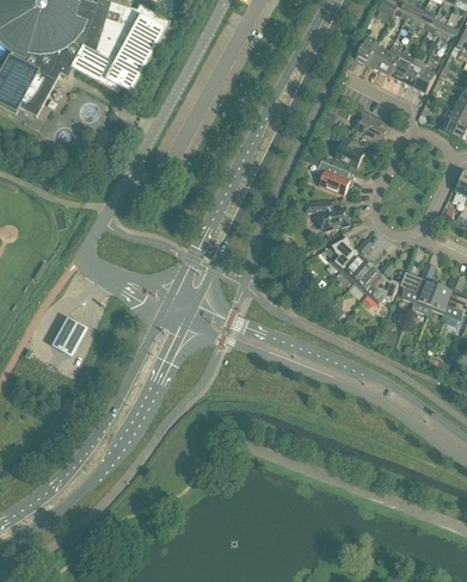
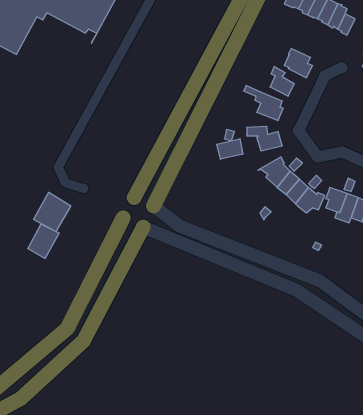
building: none -> [217,139,243,159]
building: none -> [34,192,71,231]

